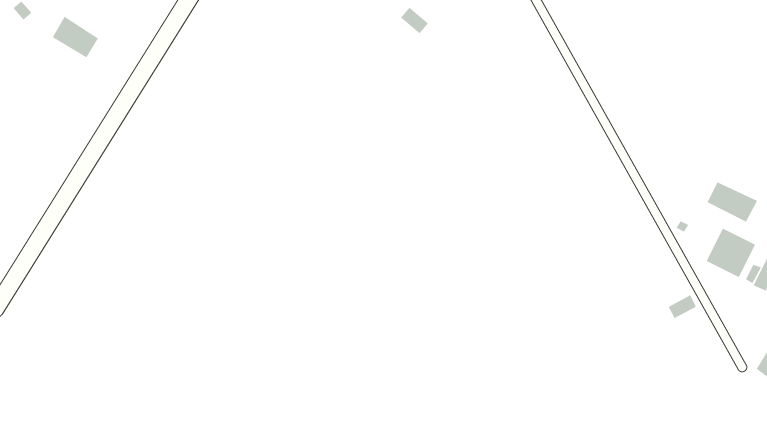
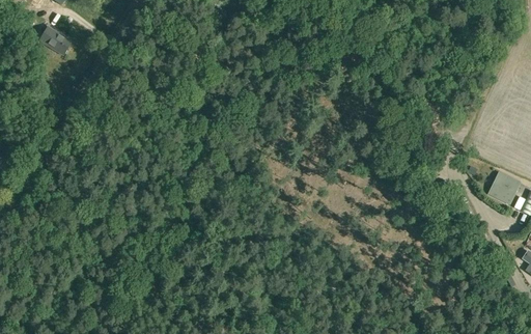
building: [707,181,758,222] -> none

